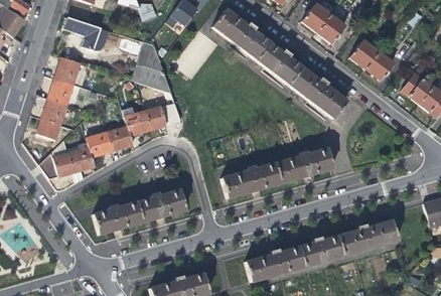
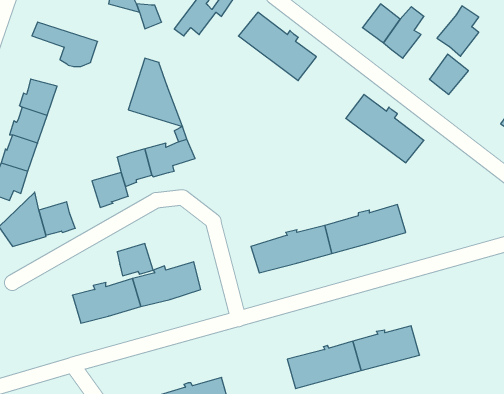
building: [255,41,302,86] -> none
building: [363,45,394,82] -> [437,6,479,56]
building: [86,131,112,154] -> [117,244,153,276]
building: [336,221,391,257] -> none

